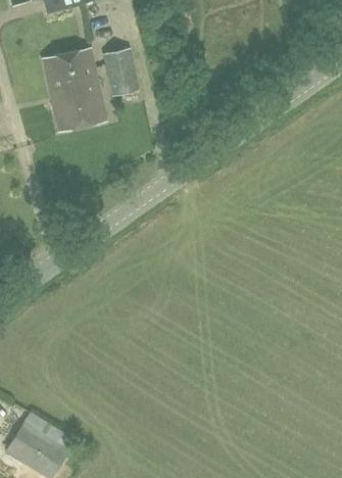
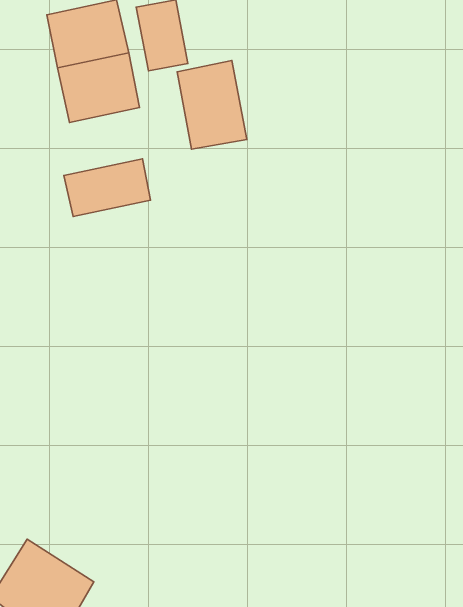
building: none -> [177,60,247,149]
building: none -> [64,159,151,217]

